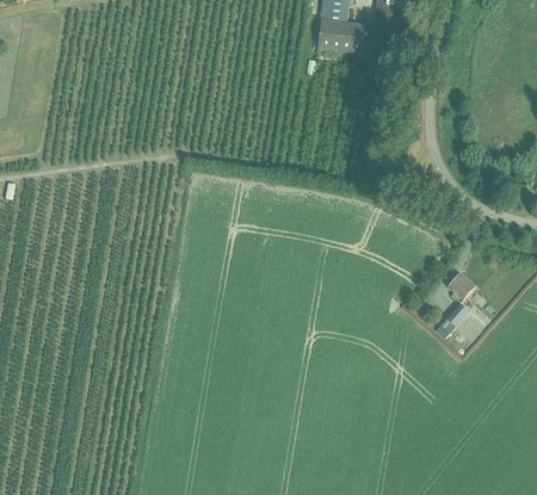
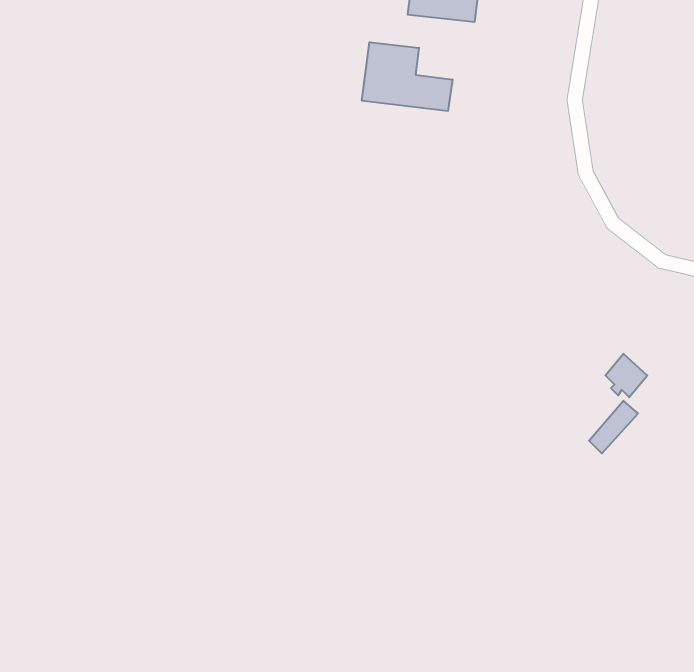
building: none -> [362,42,452,111]

